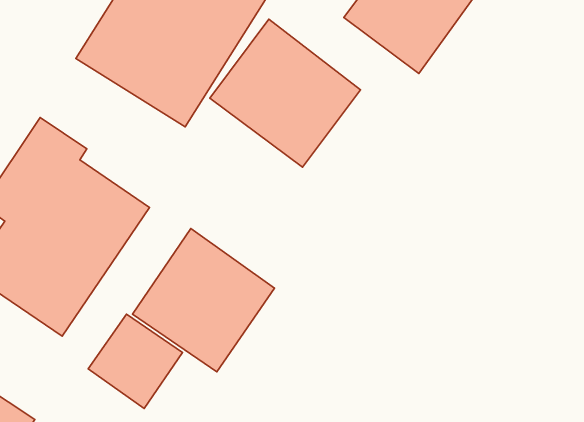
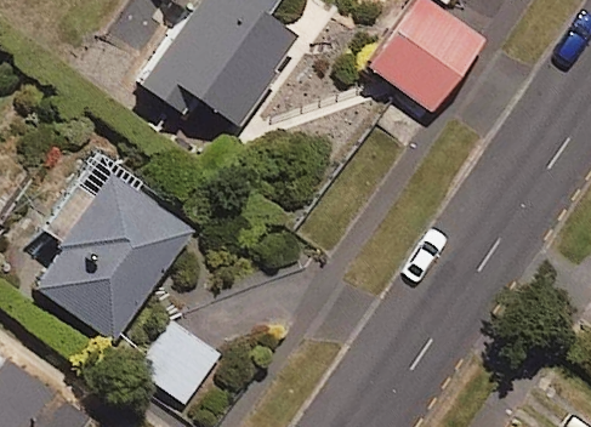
building: [210,19,361,167] -> none
building: [132,229,274,372] -> none

